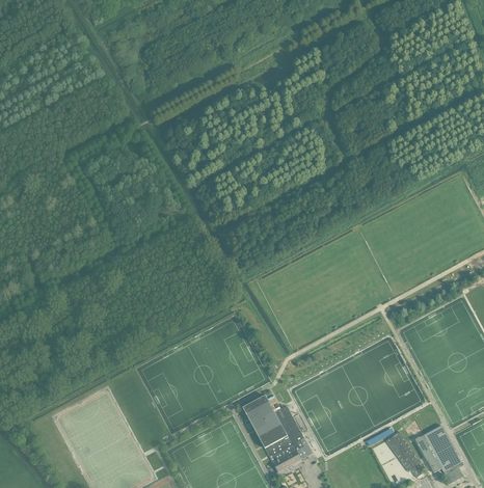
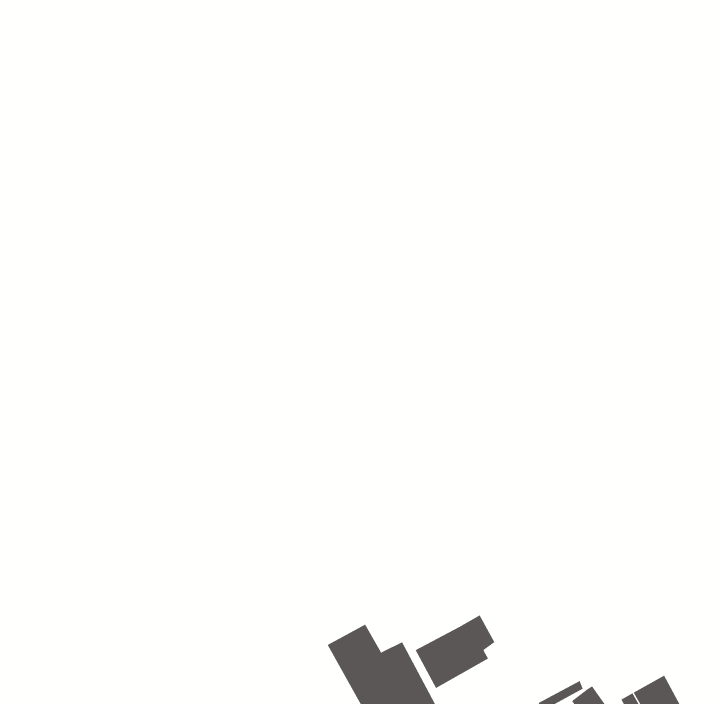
building: none -> [415,615,495,689]

